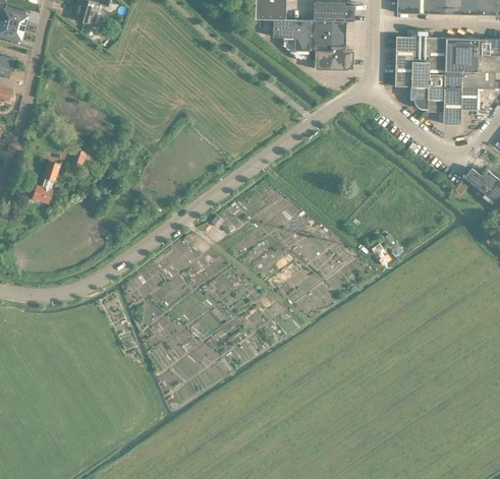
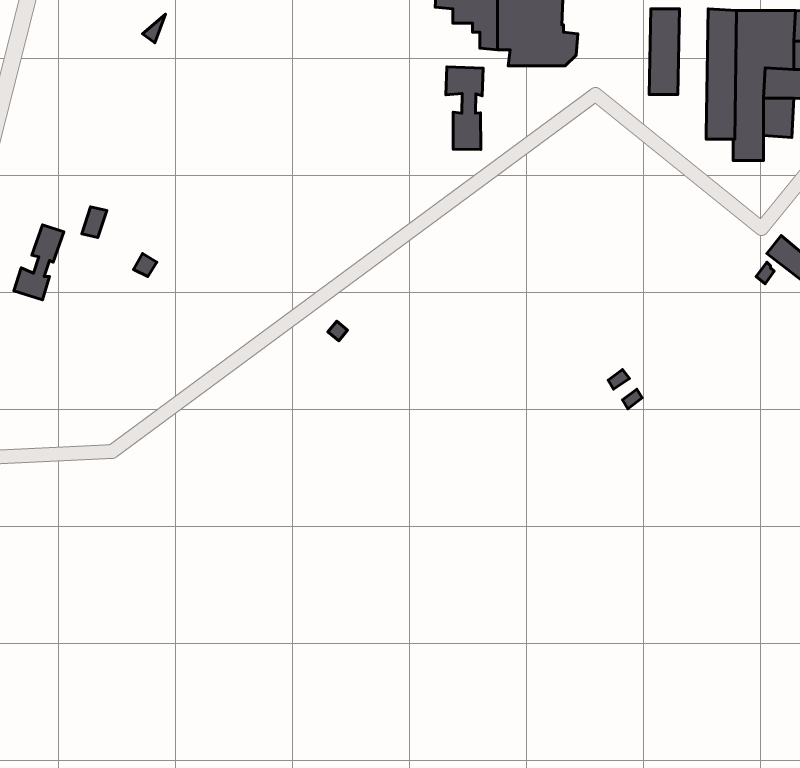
building: [411,37,429,108] -> none
building: none -> [446,67,483,150]

